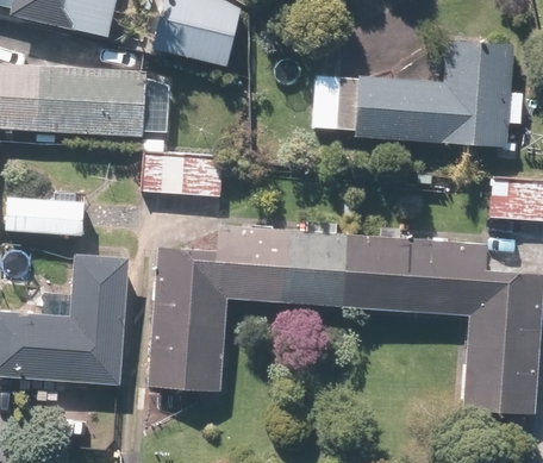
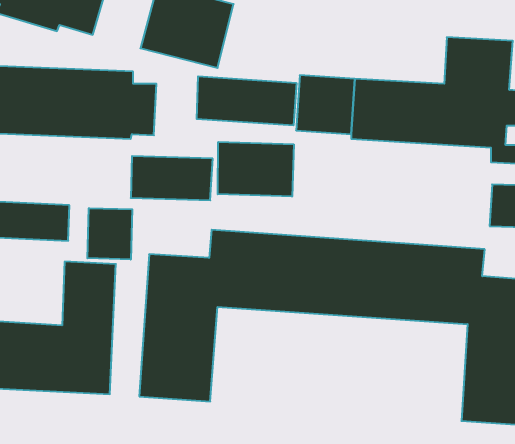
building: none -> [197,76,296,125]
building: none -> [218,142,294,197]
building: none -> [87,208,132,260]

